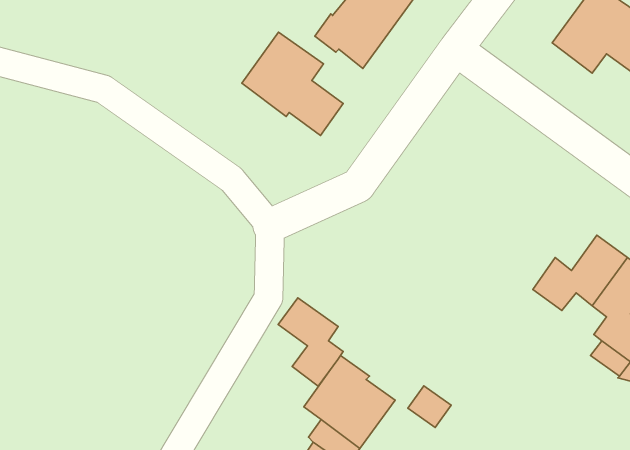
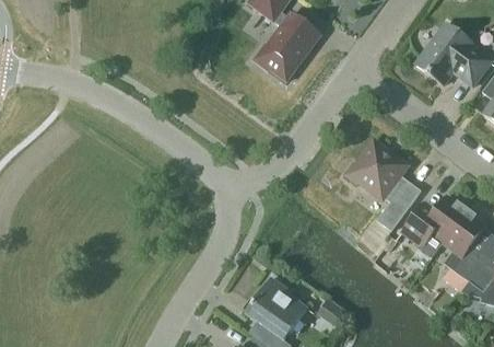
building: [242,32,343,135] -> none
building: none -> [345,141,421,231]
building: [278,298,343,386] -> none

